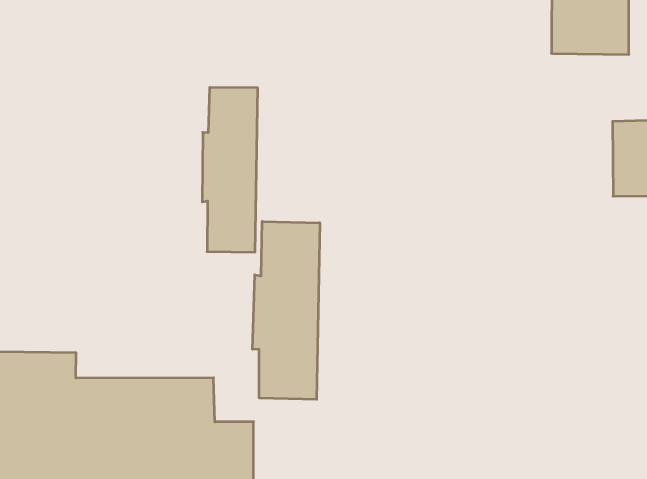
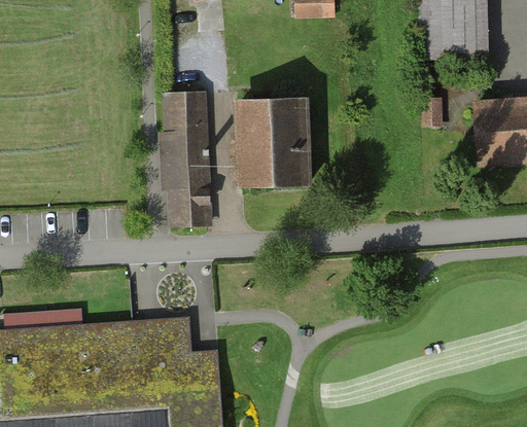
building: none -> [238,97,307,182]
building: [253,221,320,399] -> none

